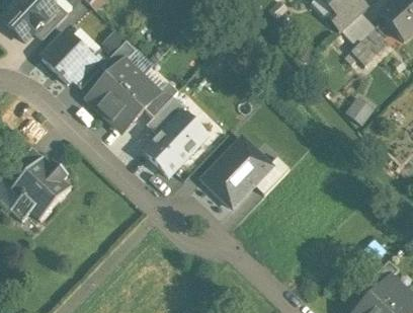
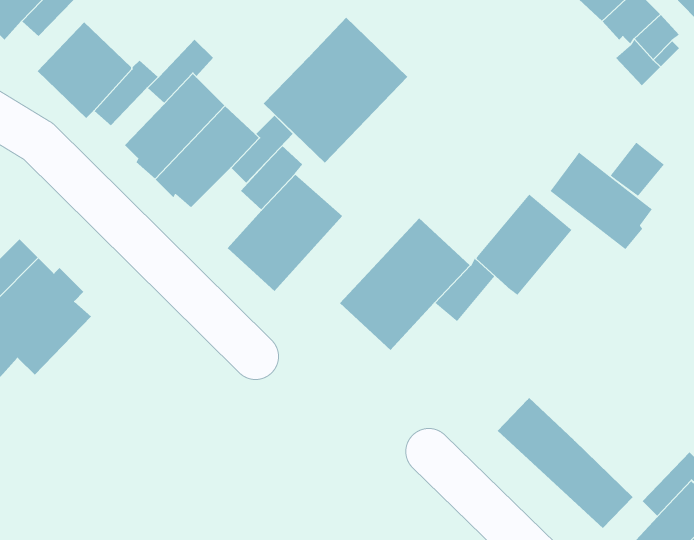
building: none -> [263,17,408,163]
building: none -> [550,152,653,250]
building: none -> [476,193,573,296]
building: none -> [497,397,633,529]

